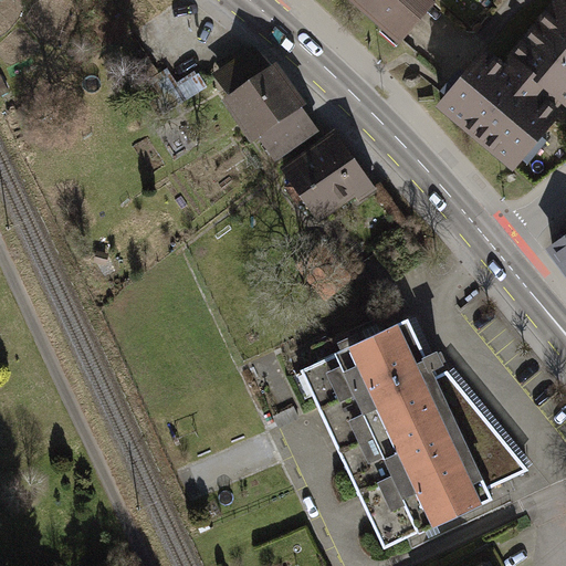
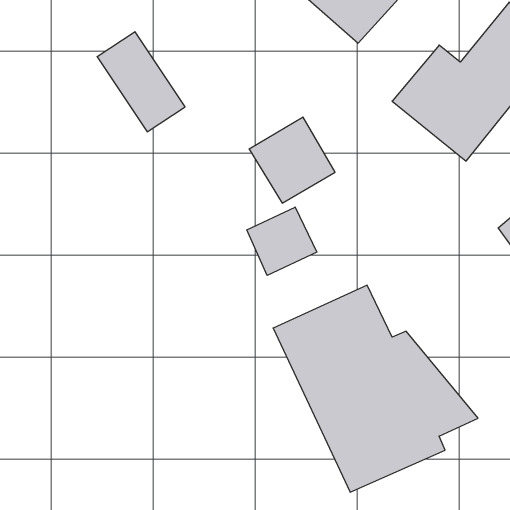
building: [212,46,310,157] -> [97,32,185,132]
building: none -> [247,207,317,275]

